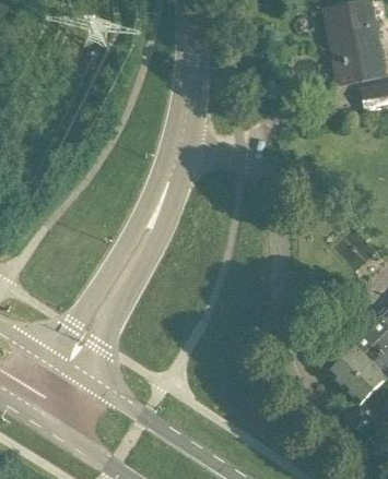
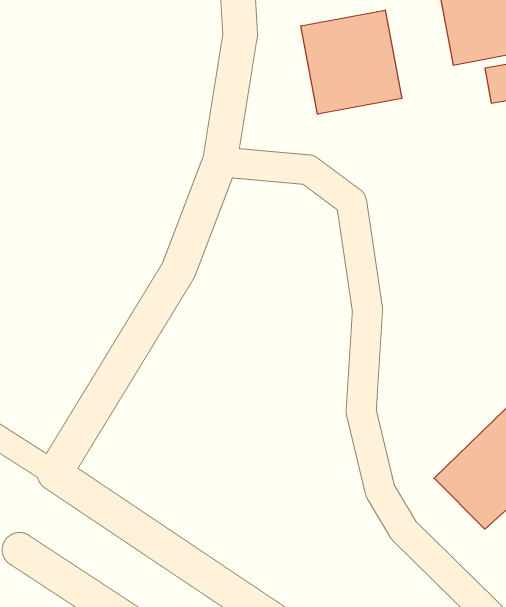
building: none -> [301,10,402,114]

